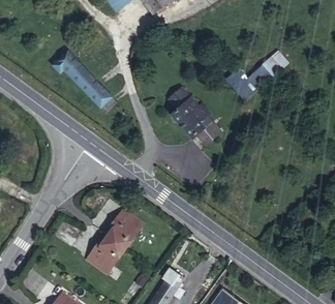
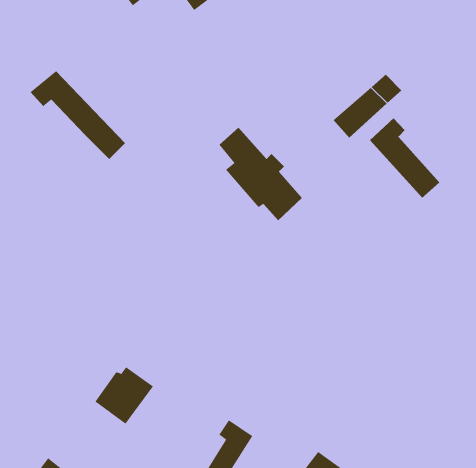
building: none -> [369,117,440,199]
building: [110,211,145,249] -> none

